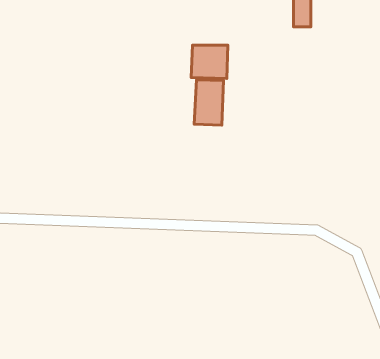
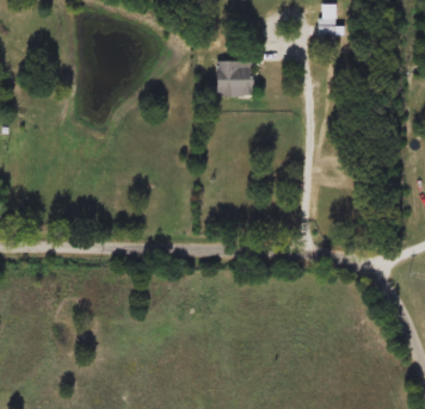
building: [194,80,223,125] -> none

